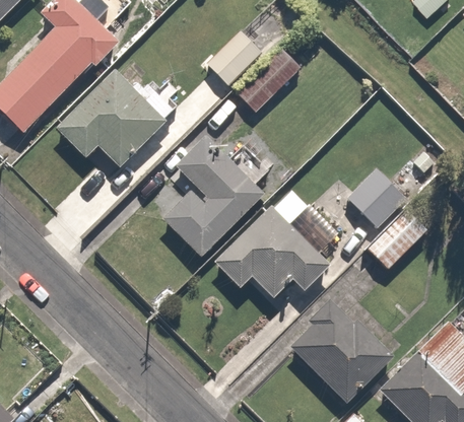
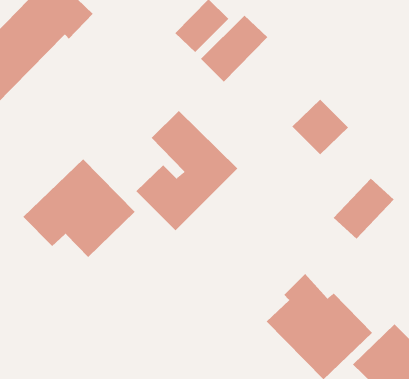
building: [56,69,168,167] -> [22,158,135,258]
building: [339,168,396,224] -> [291,99,349,155]
building: [214,206,329,299] -> none

